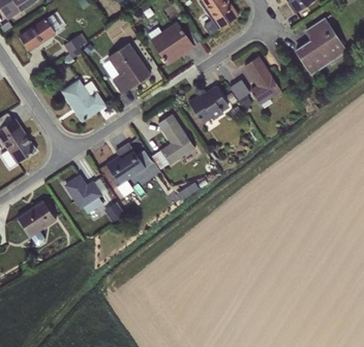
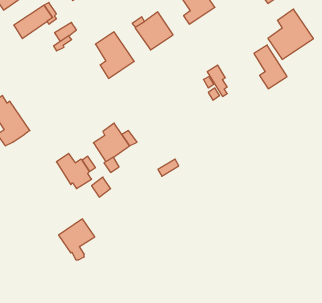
building: [244,57,280,104] -> [254,45,287,89]
building: [62,80,104,121] -> none
building: [189,87,230,124] -> none
building: [151,115,194,169] -> none
building: [17,200,56,245] -> [59,219,95,260]

